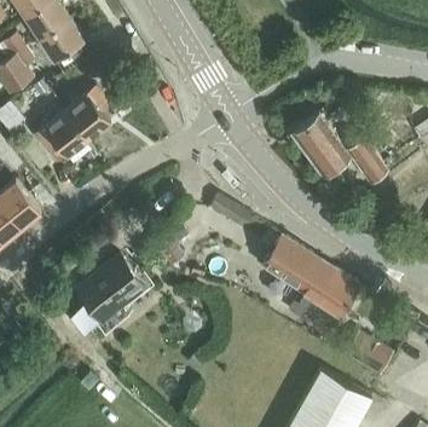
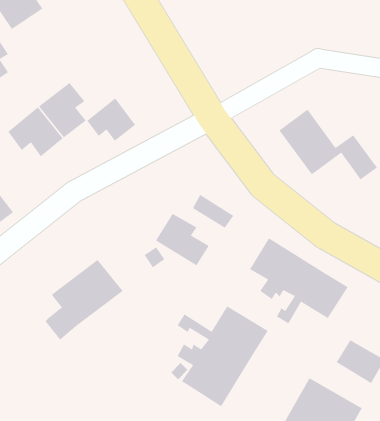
building: [39,19,83,62] -> none
building: none -> [86,98,136,142]
building: none -> [155,213,210,266]
building: none -> [177,305,269,407]

